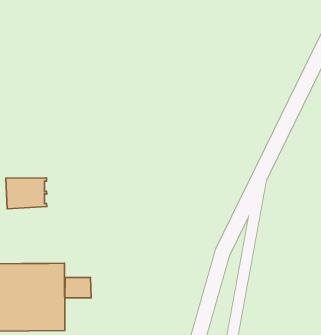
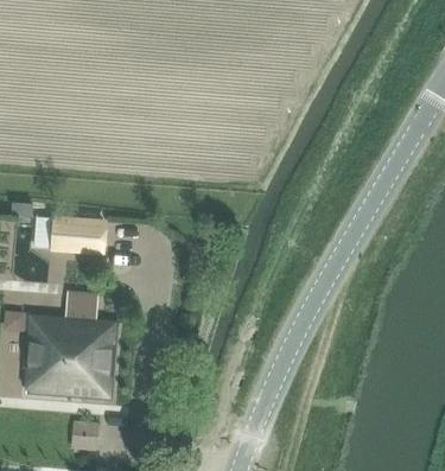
building: [65,277,91,298] -> [66,293,98,319]

